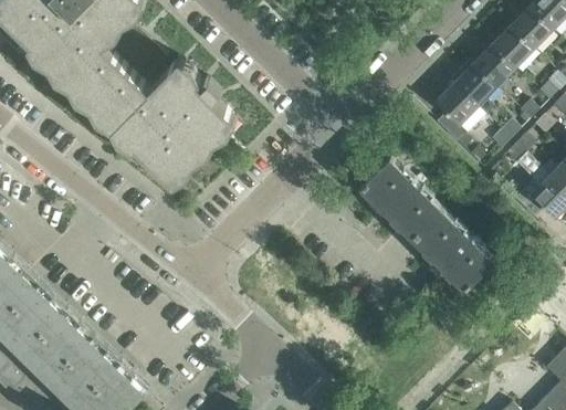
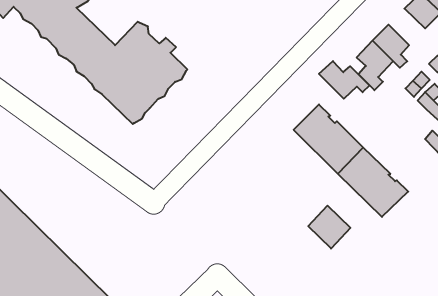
building: [470,48,513,91] -> none
building: none -> [319,61,369,99]
building: none -> [308,206,350,249]

